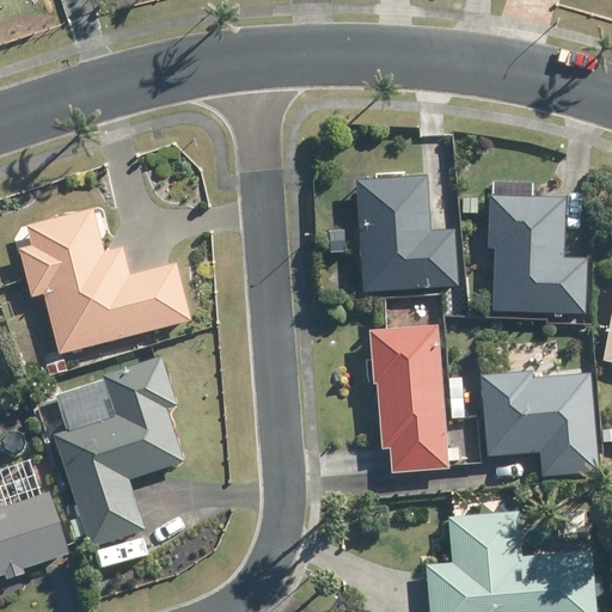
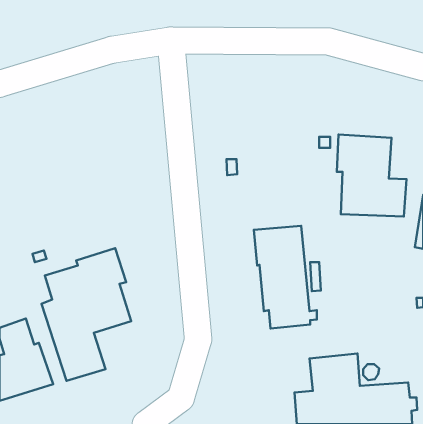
building: [354,176,455,289] -> none
building: [26,209,200,353] -> none
building: [478,371,596,475] -> none

